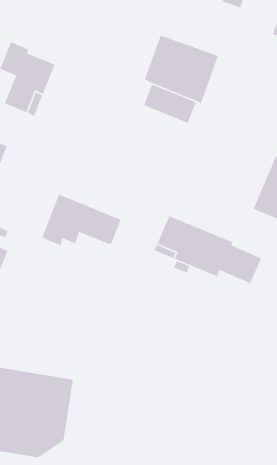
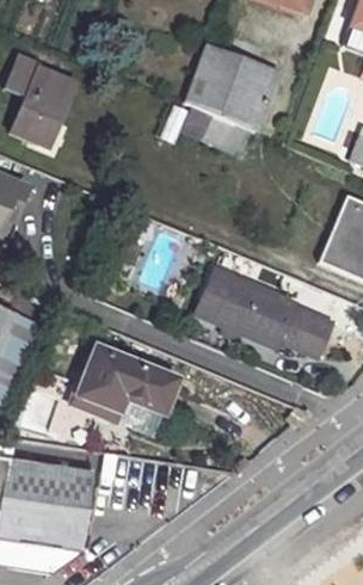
building: [41,194,122,246] -> [76,347,177,413]

